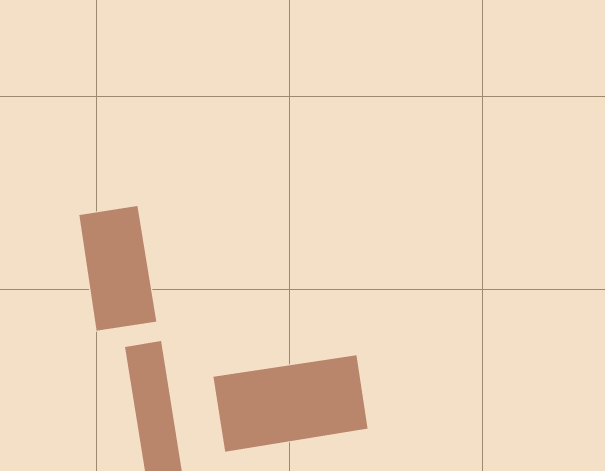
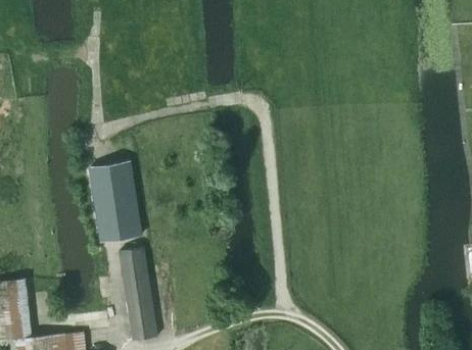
building: [213,355,368,453] -> none

